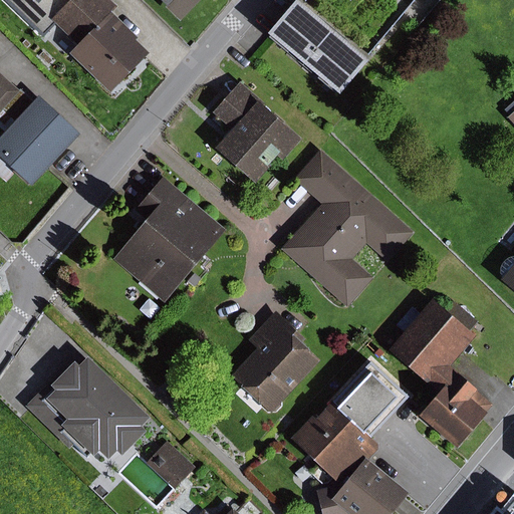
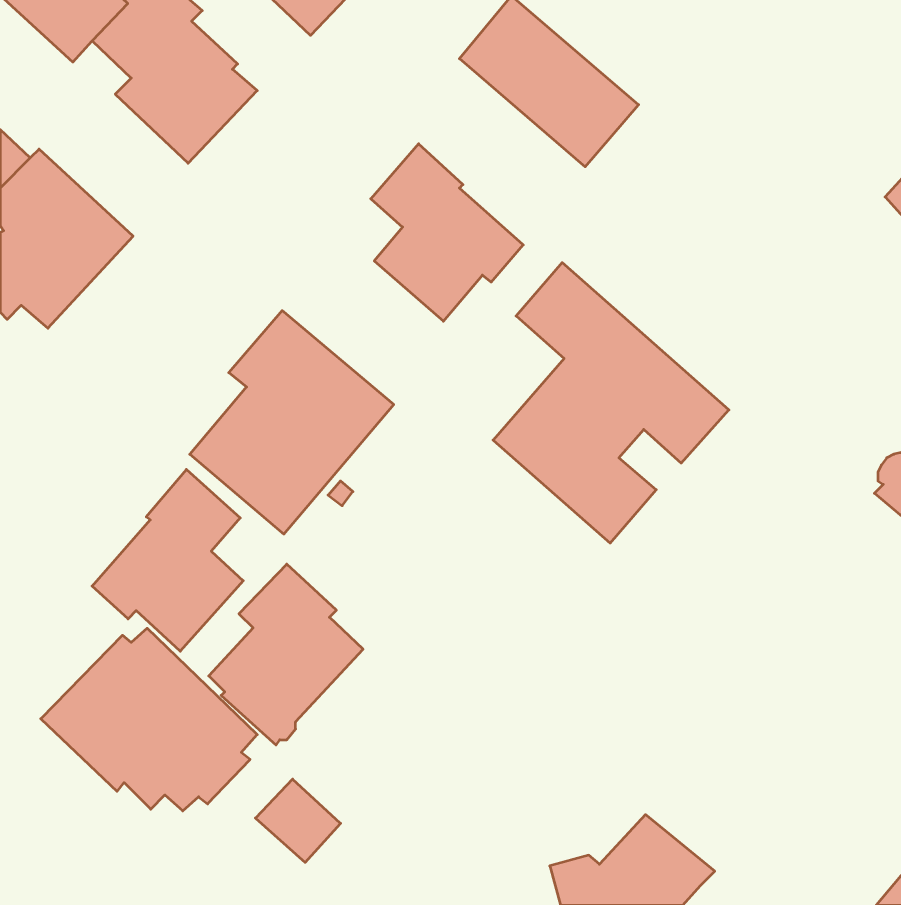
building: none -> [92,469,243,651]
building: [388,298,493,448] -> none
building: [233,311,320,414] -> [209,564,363,745]
building: [291,363,412,489] -> none

